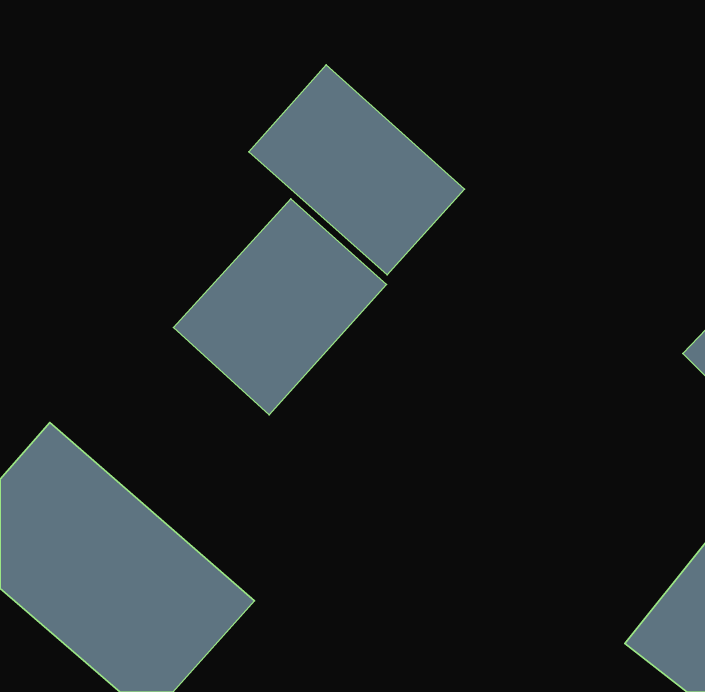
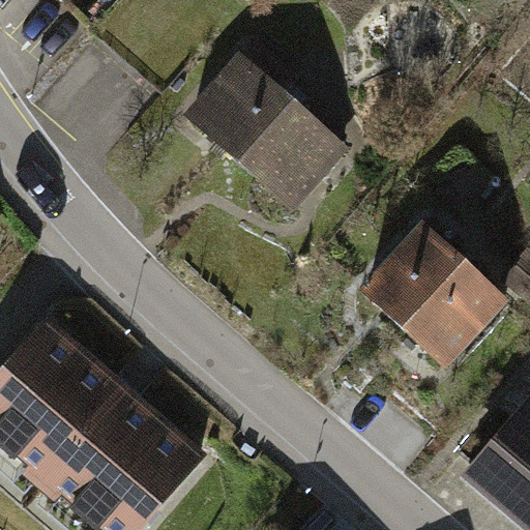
building: [173,199,386,415] -> none
building: none -> [354,220,510,376]

